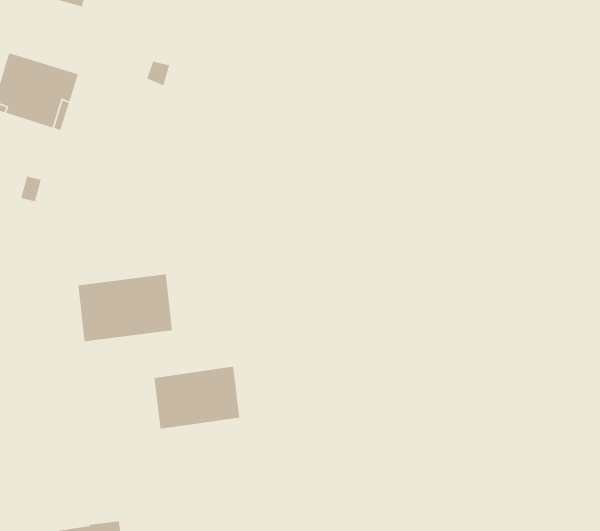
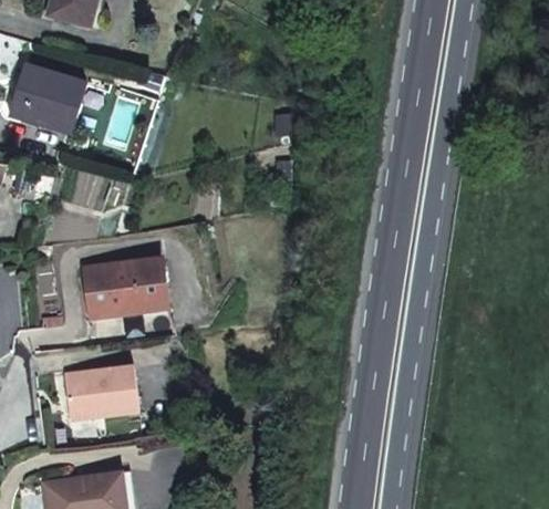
building: [154,366,240,430] -> [64,364,139,419]

